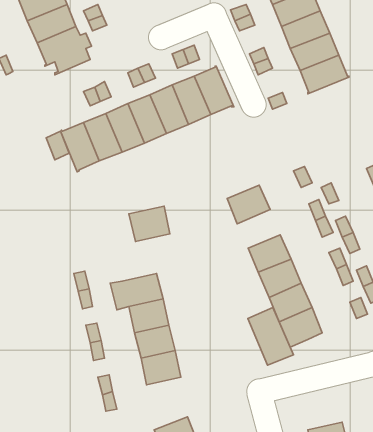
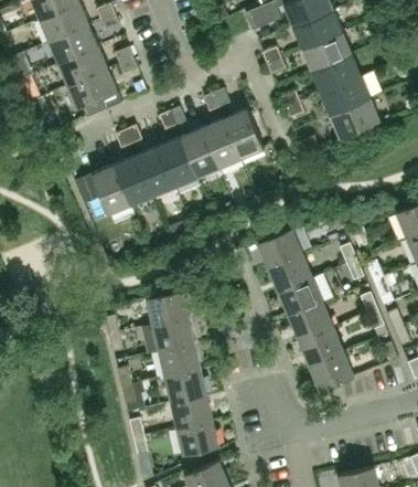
building: [129,206,170,241] -> [147,290,187,326]
building: none -> [268,254,311,293]
building: [248,307,293,365] -> none
building: none -> [178,422,218,456]

